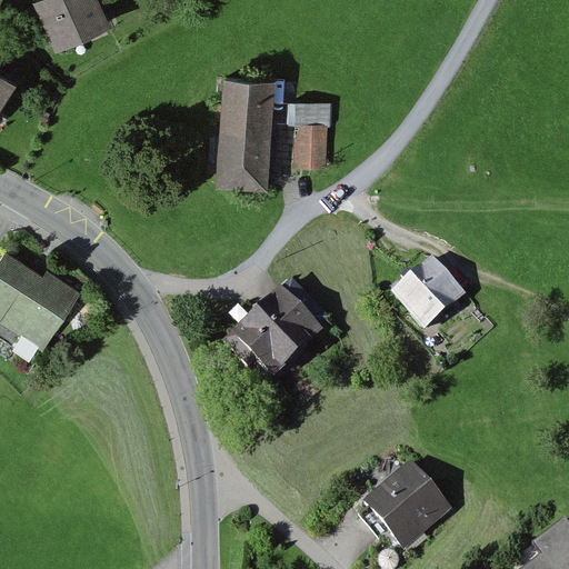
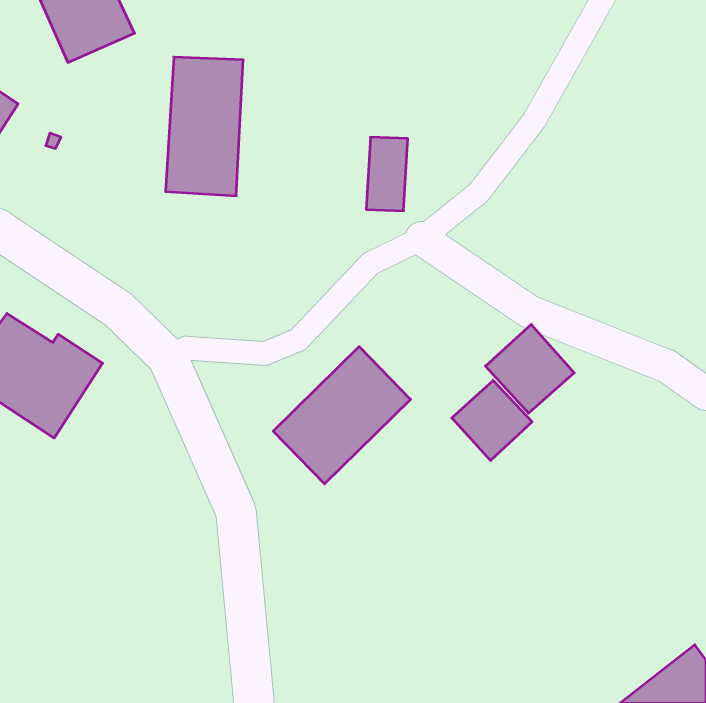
building: [213,73,276,184] -> [166,57,243,196]
building: none -> [452,380,532,461]
building: [356,457,456,556] -> none

